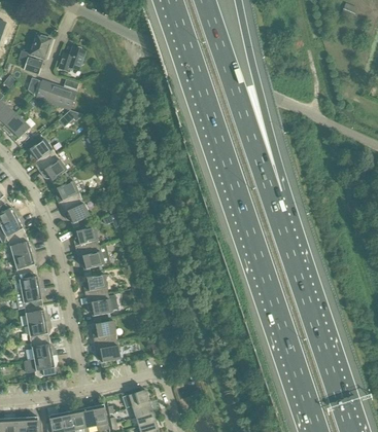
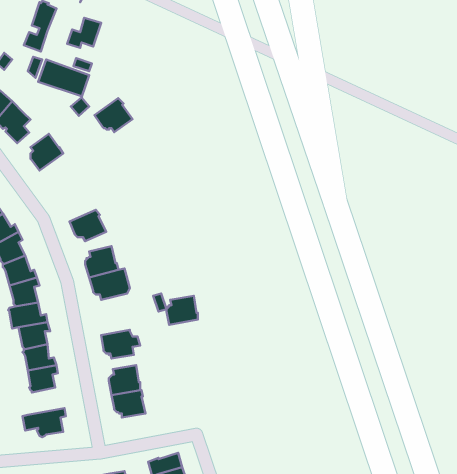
building: [37,154,67,181] -> [95,98,133,132]
building: [56,181,81,208] -> none
building: [83,275,108,297] -> [166,296,198,325]
building: [26,338,57,360] -> none

